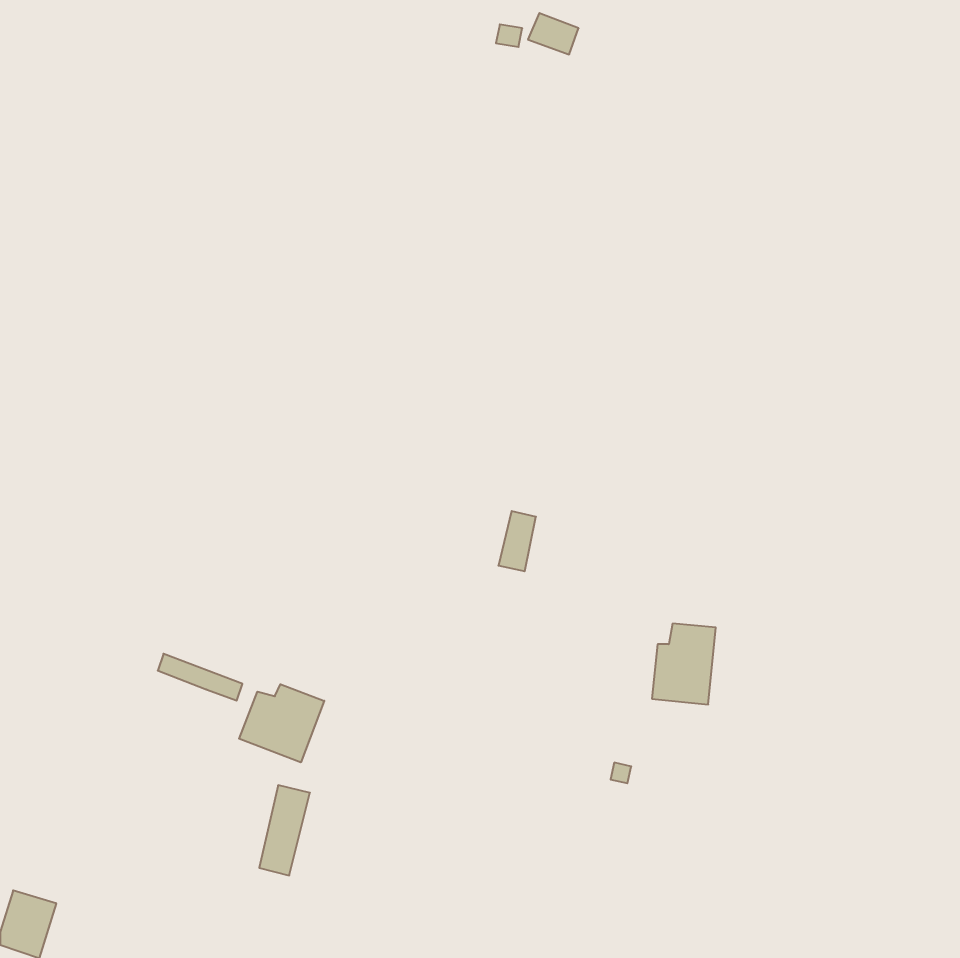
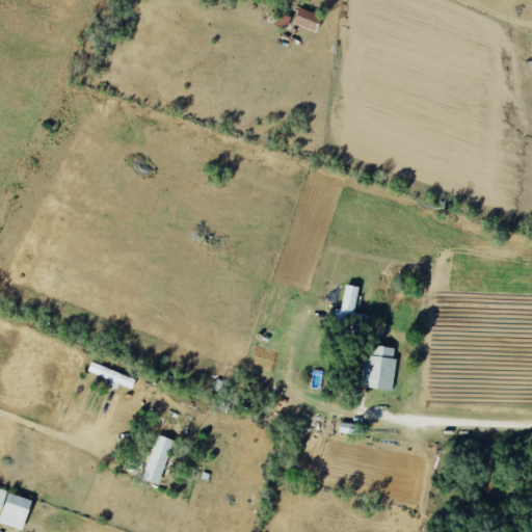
building: [498,511,536,571] -> [338,284,358,317]
building: [239,684,324,762] -> none

